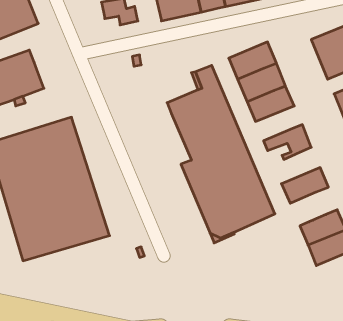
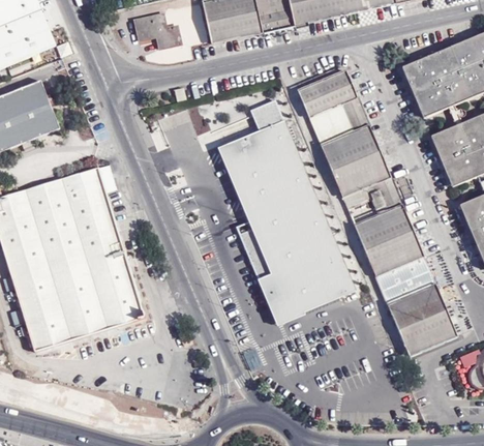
building: none -> [330,151,390,196]
building: none -> [353,204,413,250]
building: none -> [374,255,434,304]

